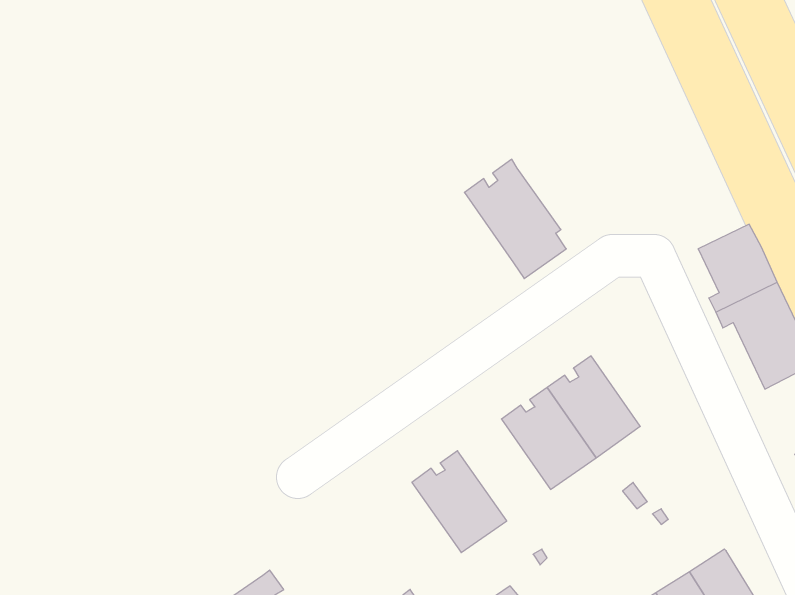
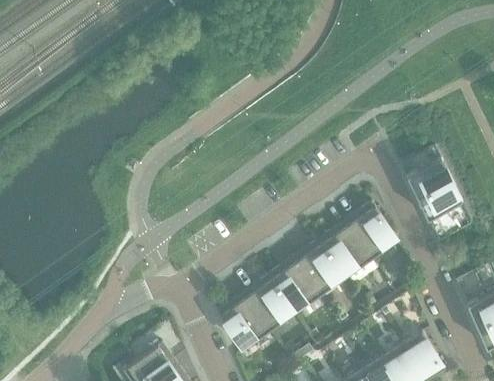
building: [464,159,566,279] -> [344,202,402,270]
building: none -> [268,257,321,315]
building: none -> [216,293,270,351]

